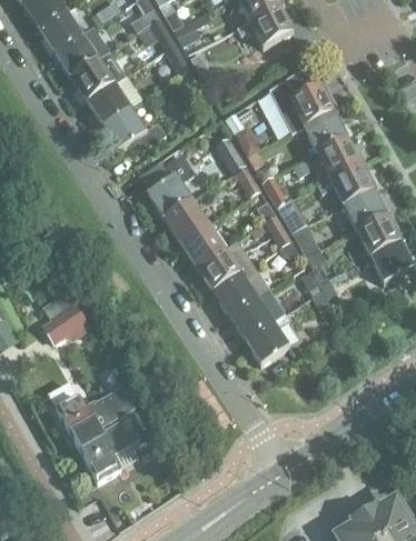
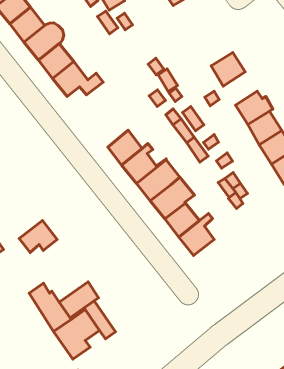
building: [267,71,337,133] -> none
building: [316,138,358,179] -> none
building: [147,153,195,218] -> none

